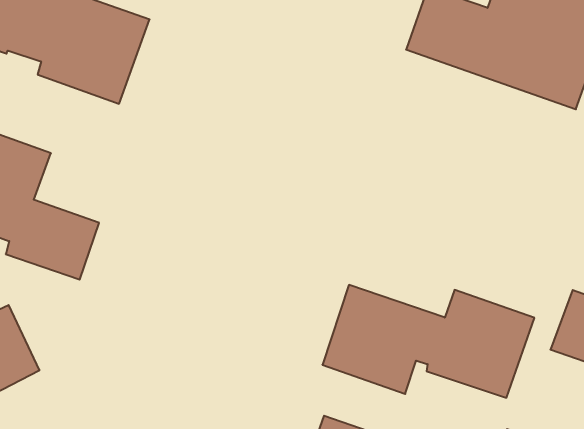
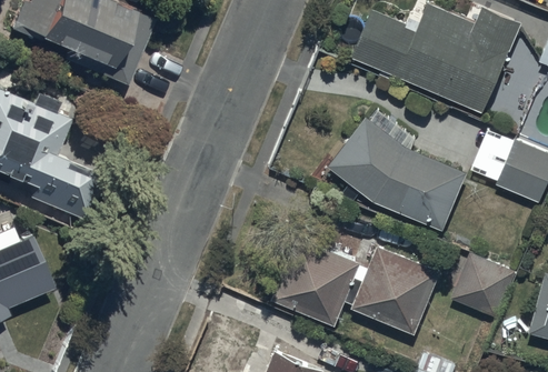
building: none -> [330,120,467,232]

